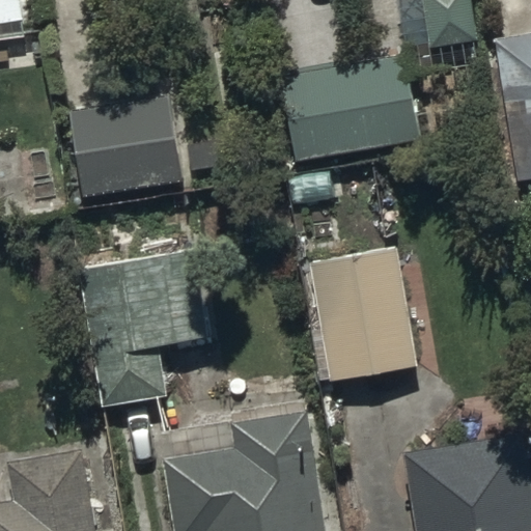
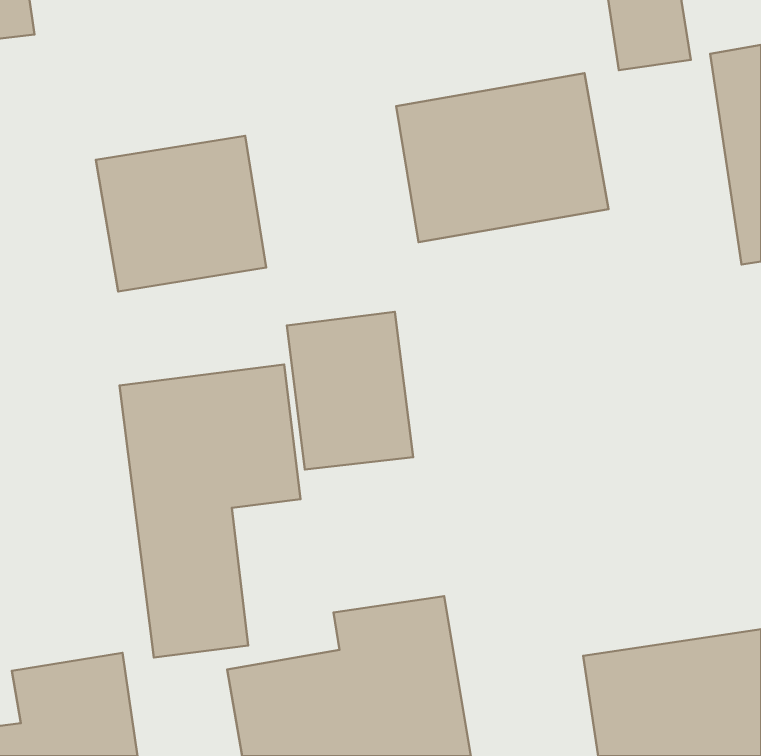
building: none -> [287,312,413,470]
building: [307,244,417,383] -> none

